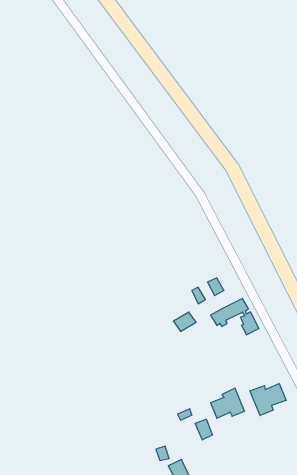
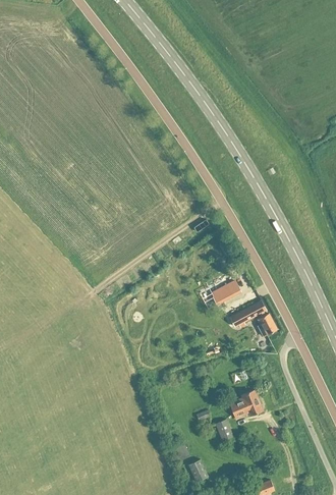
building: [250,384,286,416] -> none

